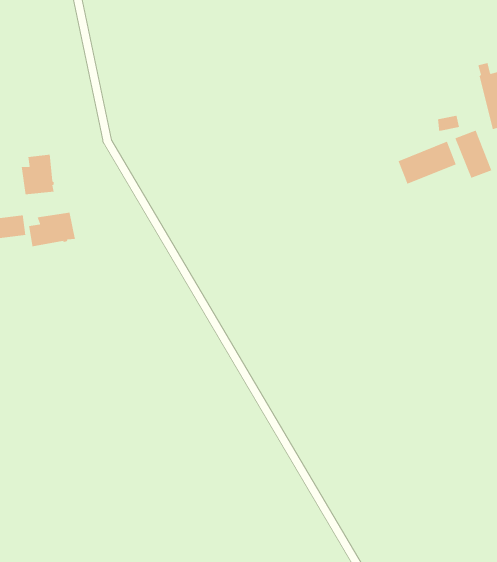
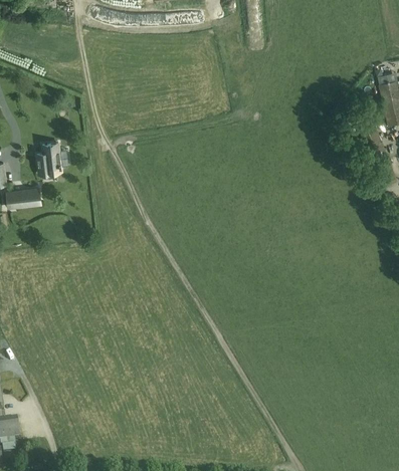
building: [398,141,457,185] -> none
building: [28,212,75,247] -> none

